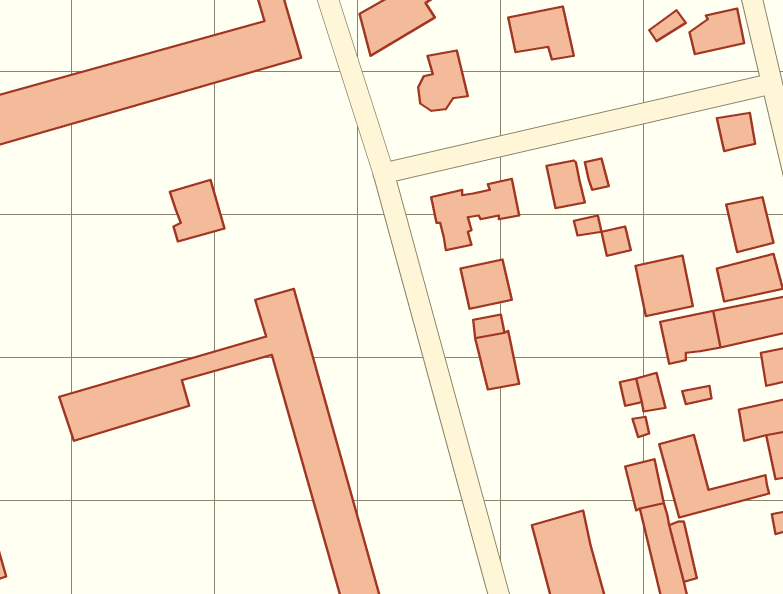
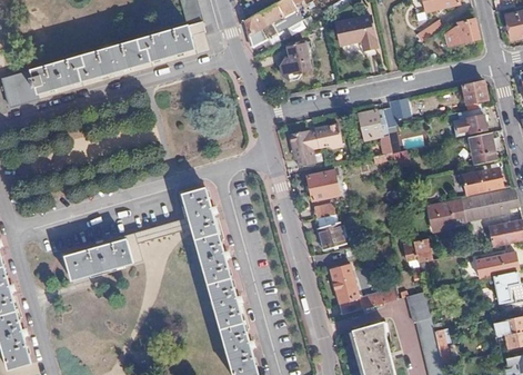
building: none -> [452,107,486,136]
building: [170,180,225,242] -> none
building: [635,256,693,316] -> none
building: [659,435,769,517] -> [329,263,395,313]

